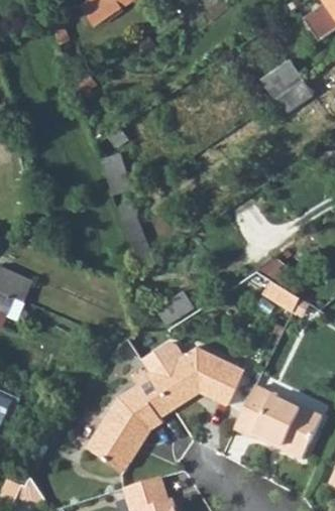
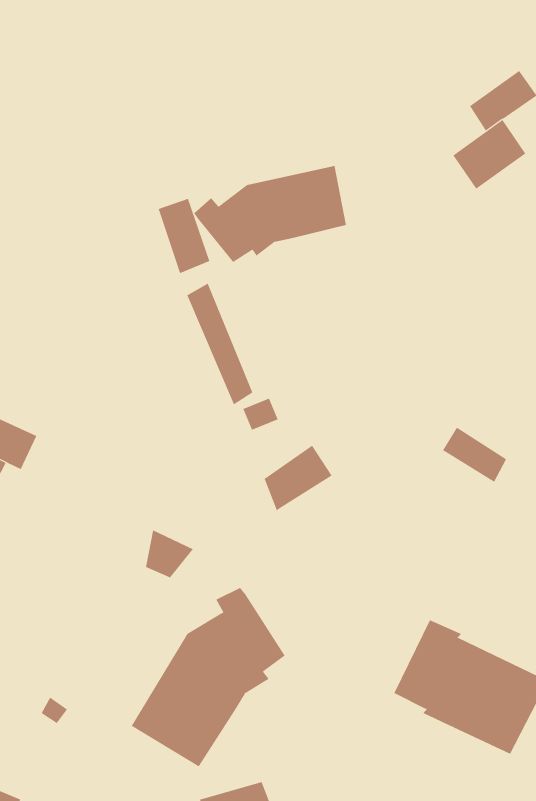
building: [262,60,304,100] -> [453,119,526,190]
building: none -> [194,165,346,263]
building: [150,346,242,407] -> none

